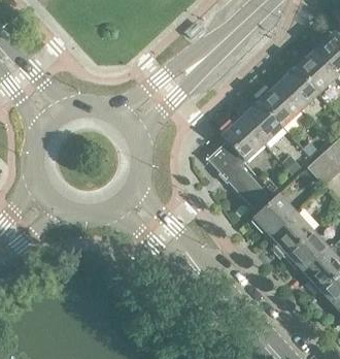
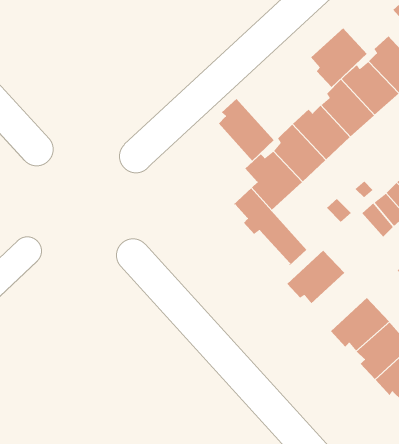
building: none -> [310,28,368,88]
building: none -> [218,98,275,162]
building: [270,211,312,256] -> none

